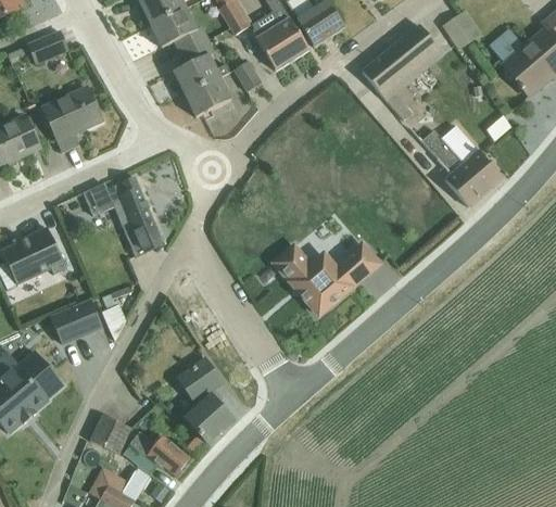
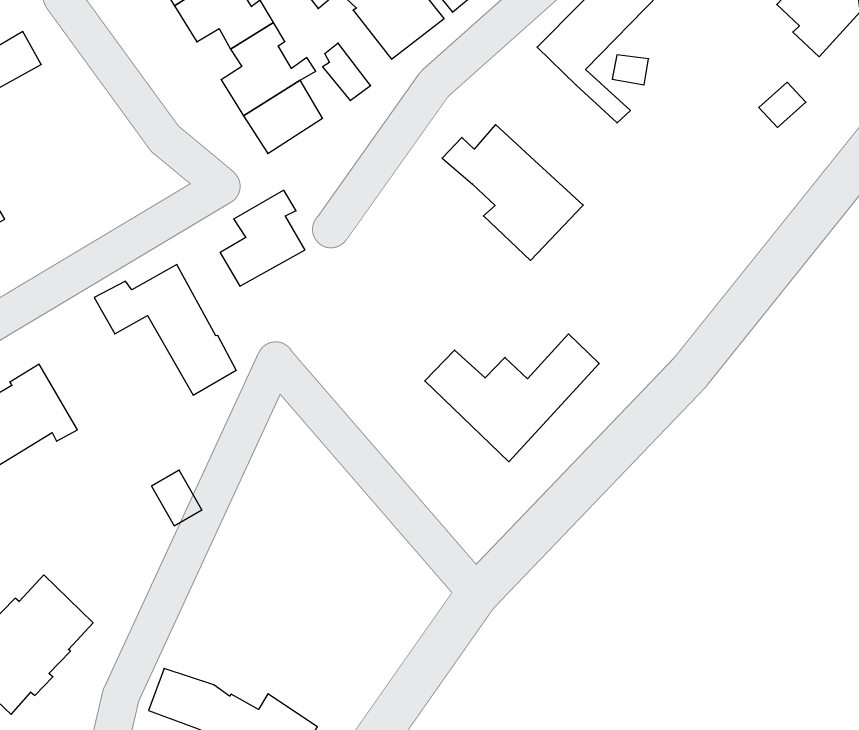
building: [42,87,101,151] -> none
building: [421,125,502,207] -> [442,125,583,260]
building: none -> [220,190,305,286]
building: [51,301,102,342] -> none
building: [176,358,232,443] -> none

